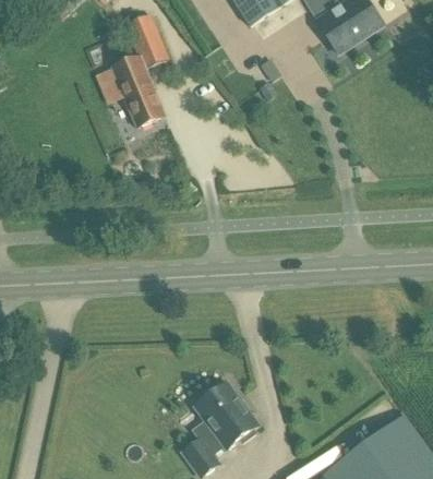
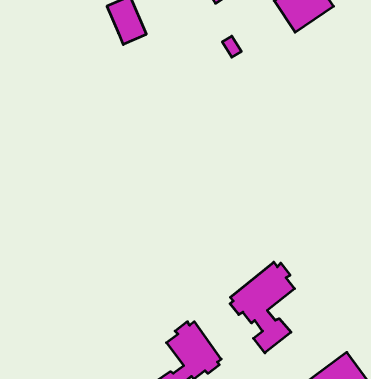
building: [111,56,166,128] -> none
building: none -> [230,262,295,353]

